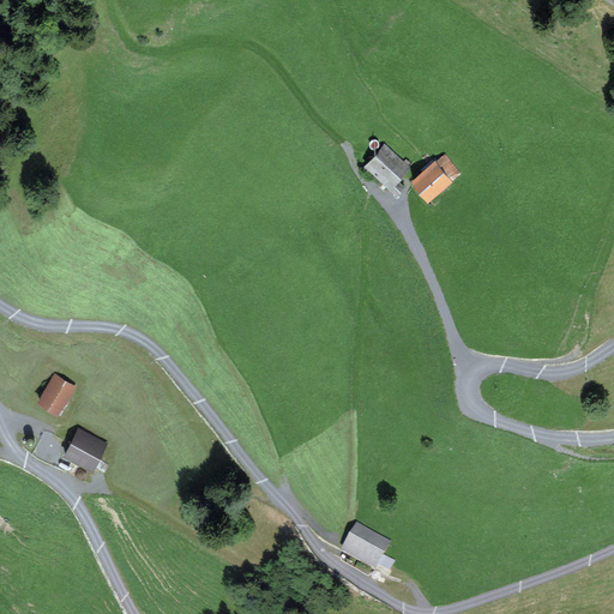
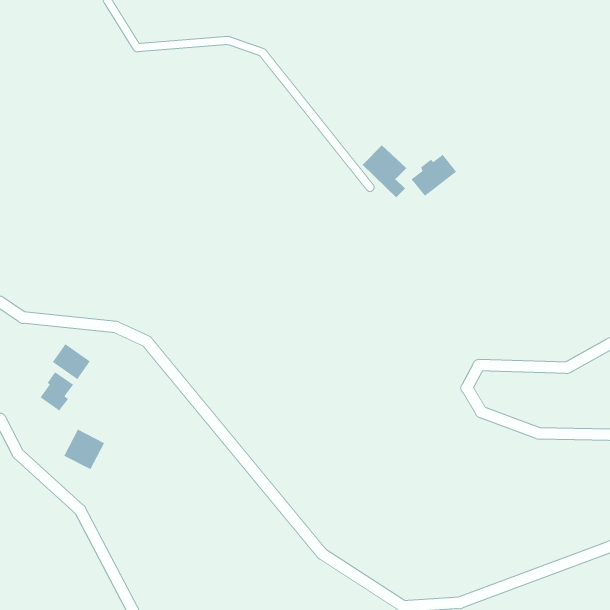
building: none -> [52,343,91,380]
building: [341,520,391,567] -> none

